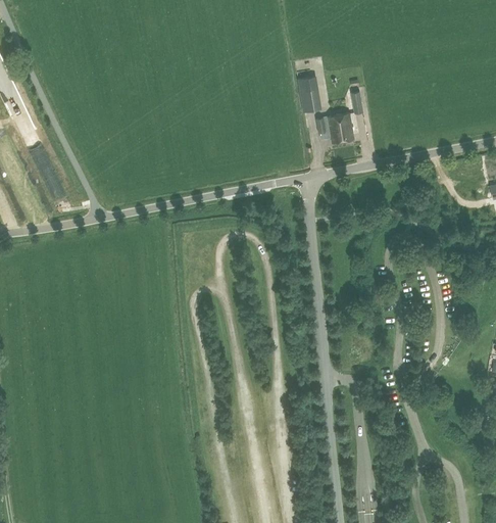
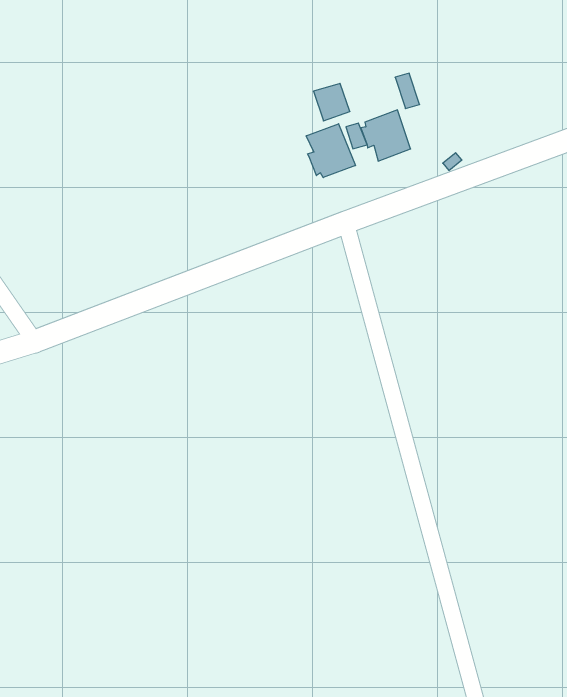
building: none -> [306,124,355,178]

